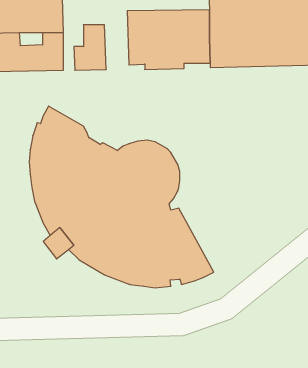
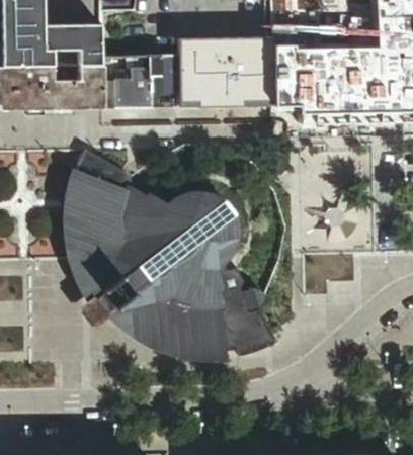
building: none -> [151,57,175,108]

